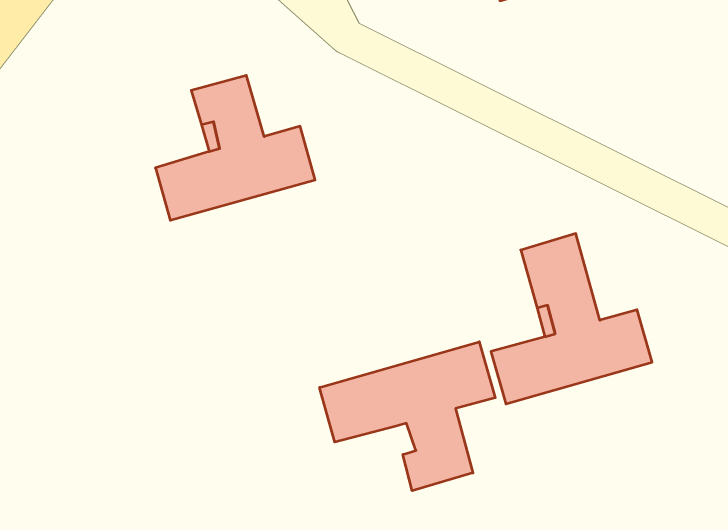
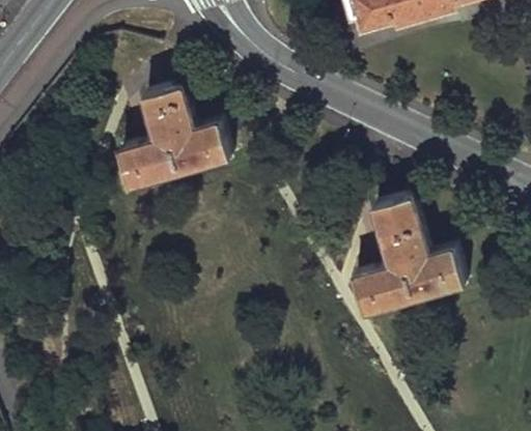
building: [320,342,495,491] -> none

